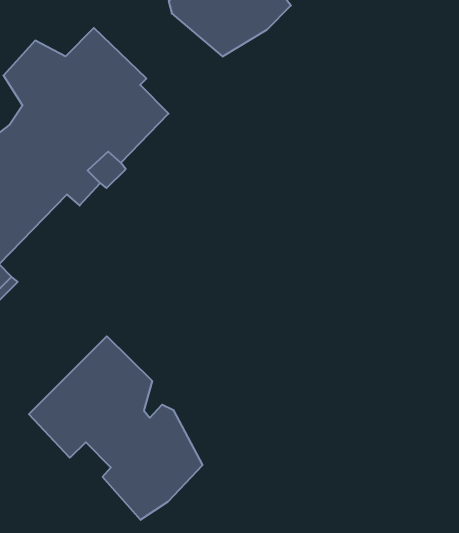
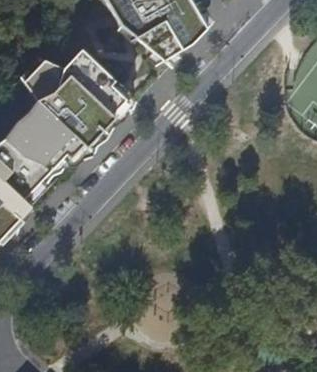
building: [29,336,202,520] -> none

